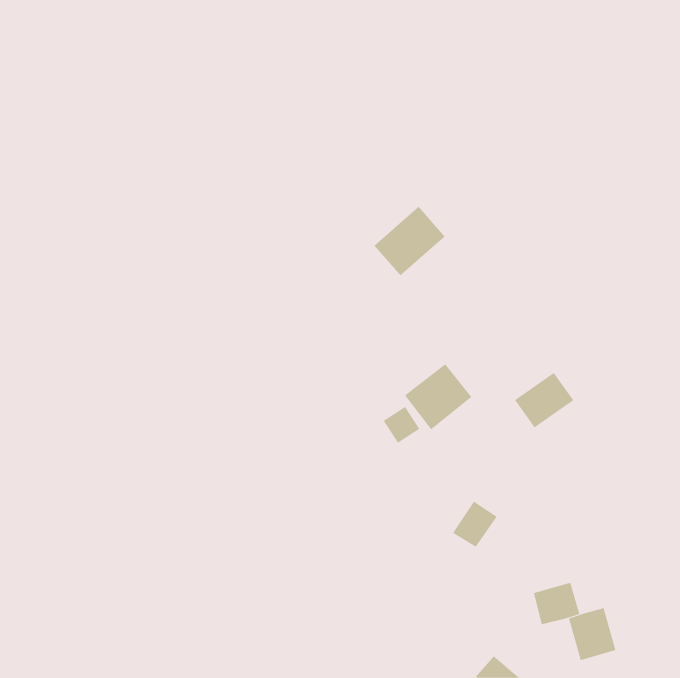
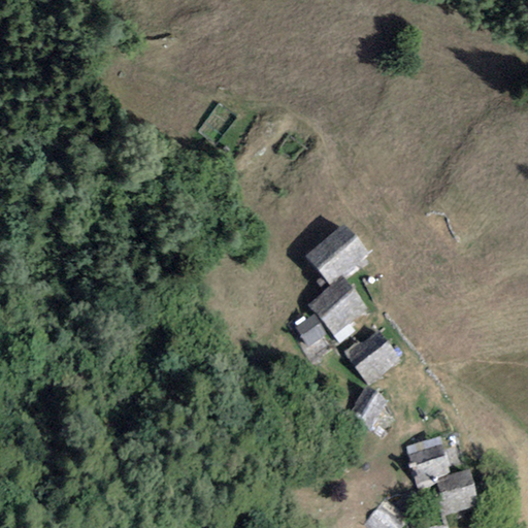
building: [374,206,446,276] -> [307,227,363,282]
building: [514,372,574,428] -> [348,332,394,375]

